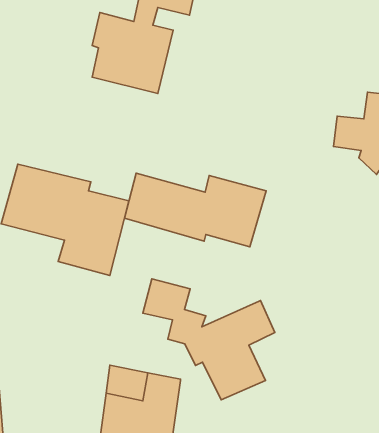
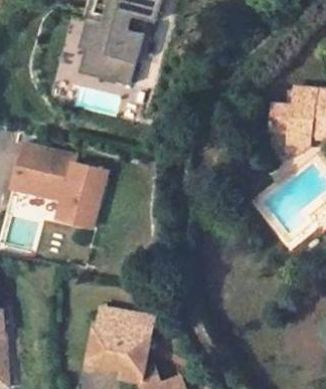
building: [124,173,266,247] -> none
building: [143,279,275,400] -> none

